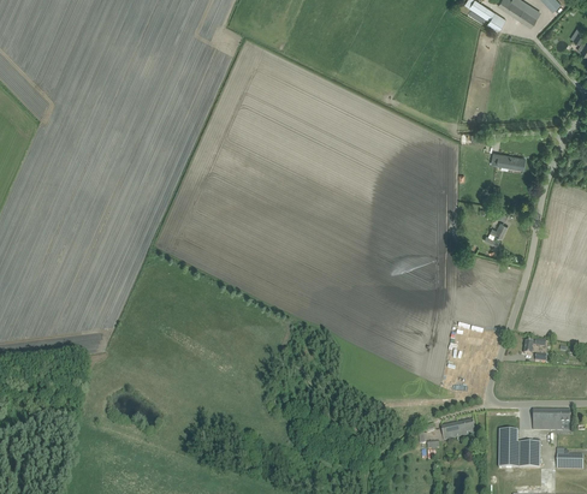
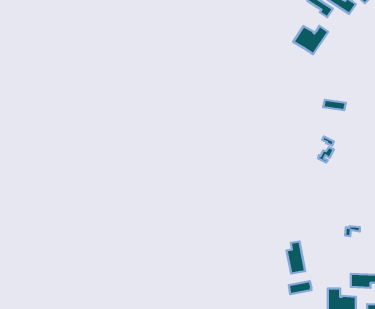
building: none -> [293,26,328,54]
building: none -> [287,242,305,273]

